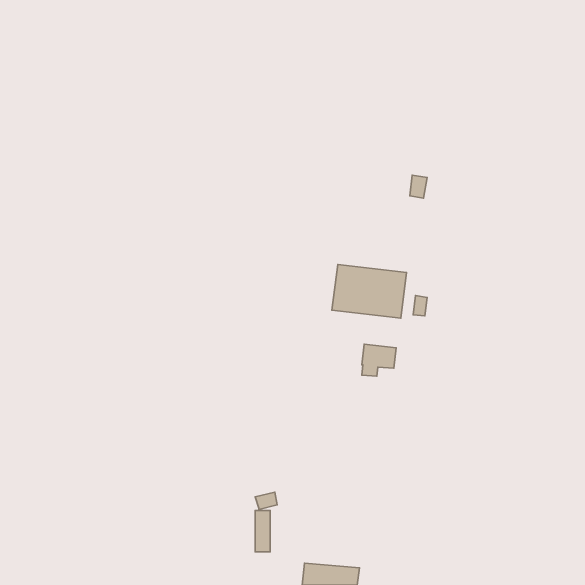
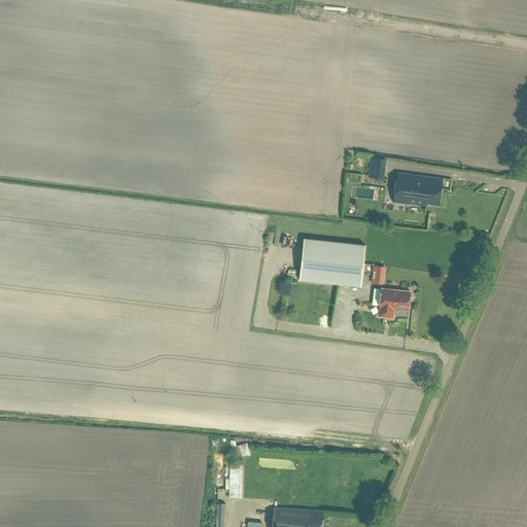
building: none -> [391,172,441,205]
building: [362,344,396,376] -> [379,288,410,317]

